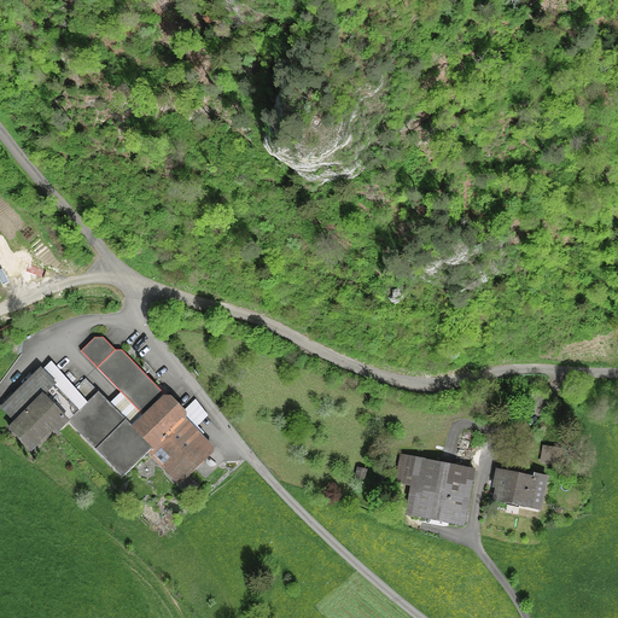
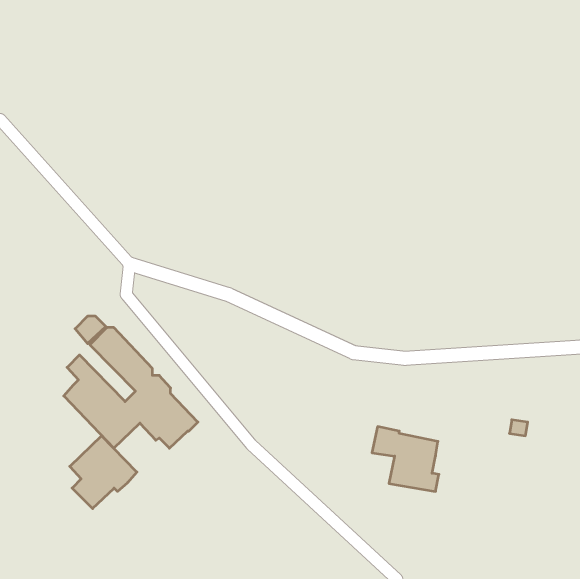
building: [7,371,78,448] -> [70,436,137,509]
building: [496,468,546,505] -> none

